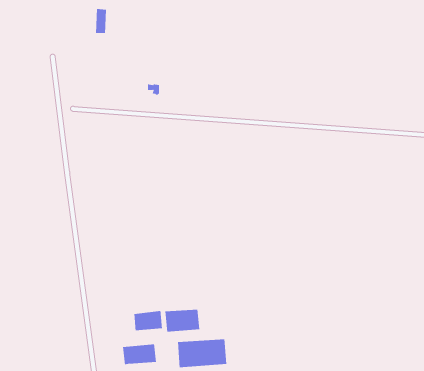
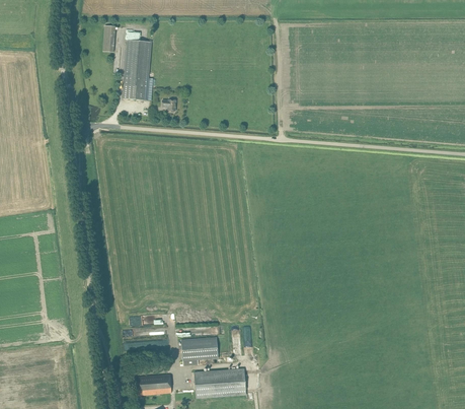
building: none -> [123,39,151,99]
building: [134,310,162,331] -> none

